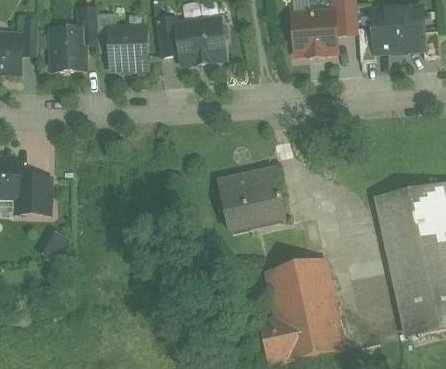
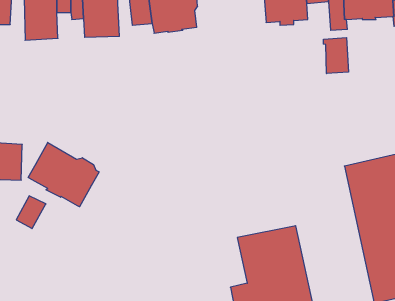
building: none -> [323,38,348,74]
building: [221,171,284,233] -> none
building: none -> [28,142,99,207]

